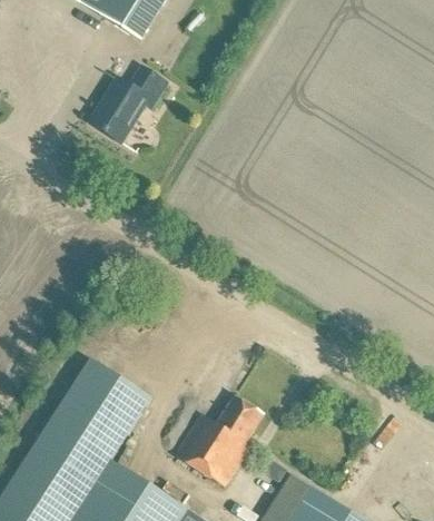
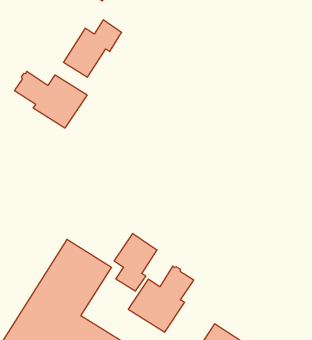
building: none -> [15,71,87,128]
building: none -> [114,233,157,291]

